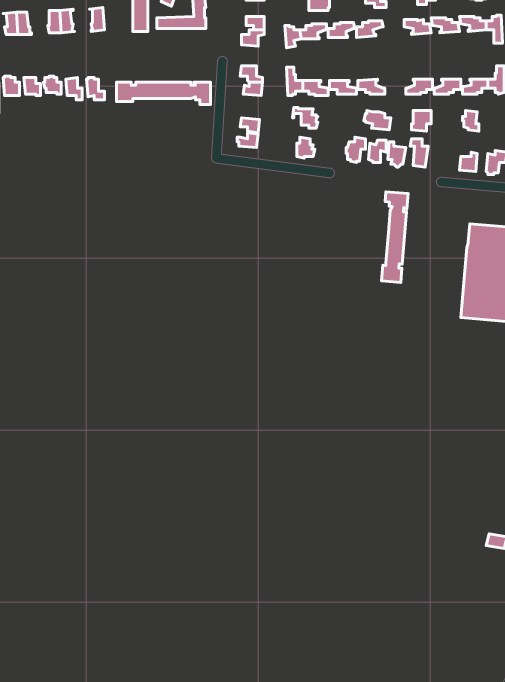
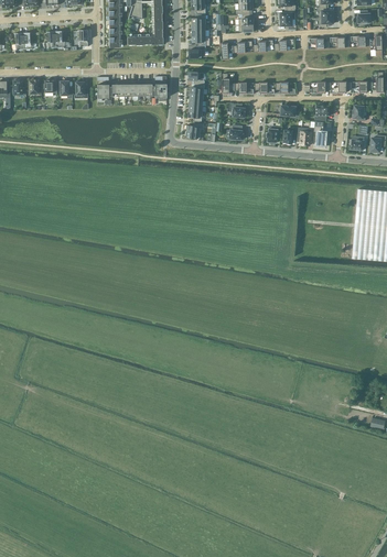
building: [381,192,408,282] -> none

